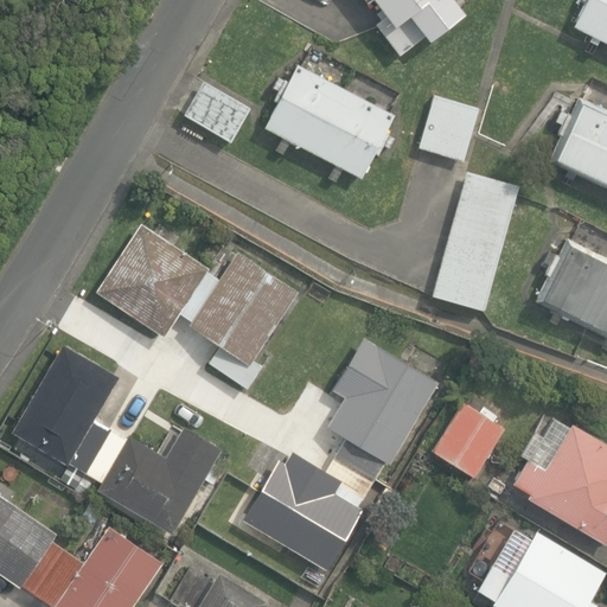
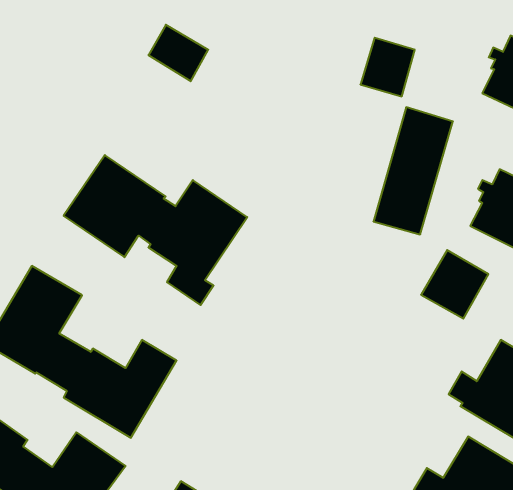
building: [266,65,397,177] -> none
building: [243,340,439,571] -> none
building: [430,403,504,478] -> [421,250,488,319]

